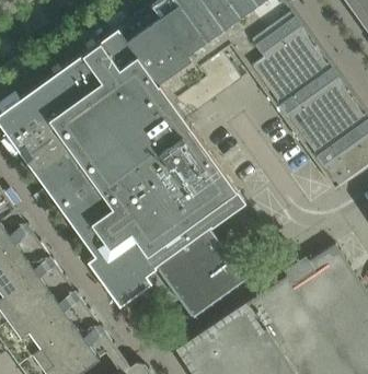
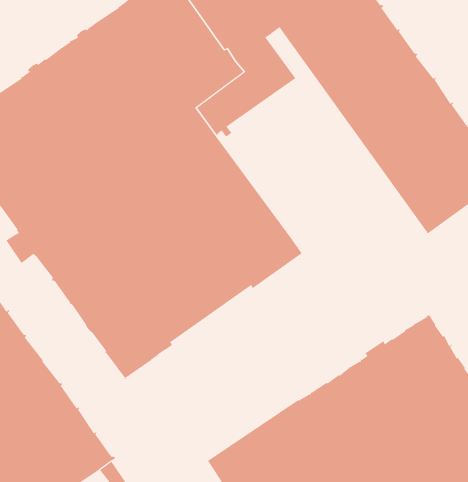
building: [154,226,246,317] -> none
building: [87,259,148,313] -> none

